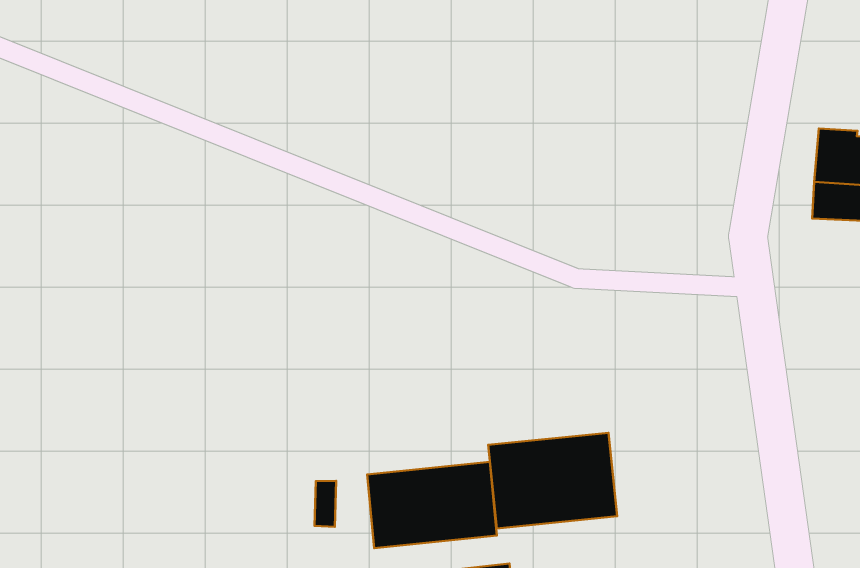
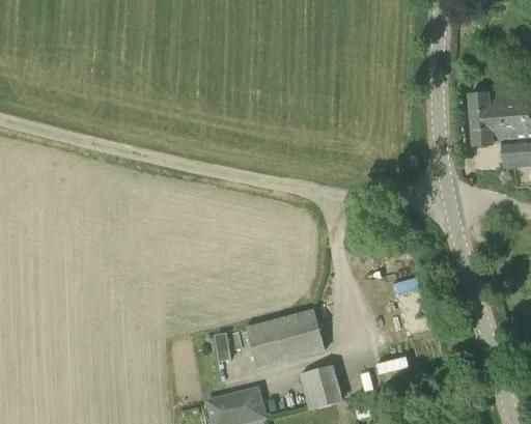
building: [488,433,617,528] -> none

